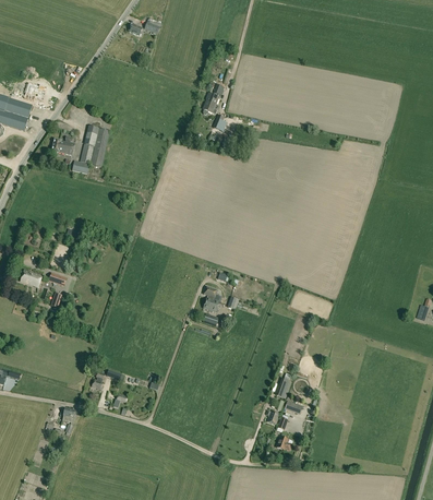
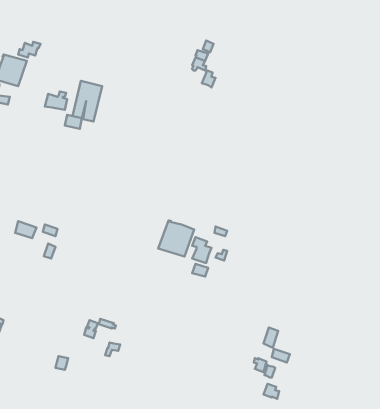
building: none -> [158,220,194,257]

